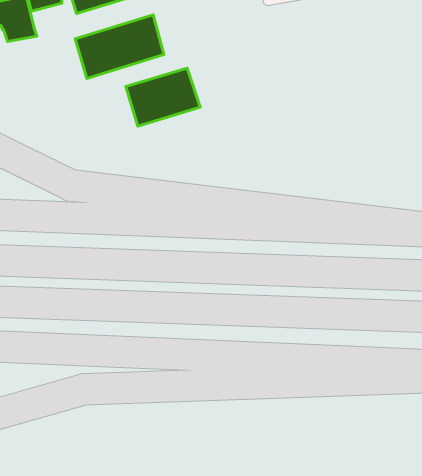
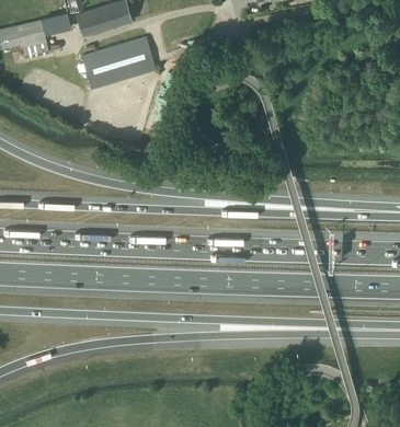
building: [126,68,200,126] -> none

